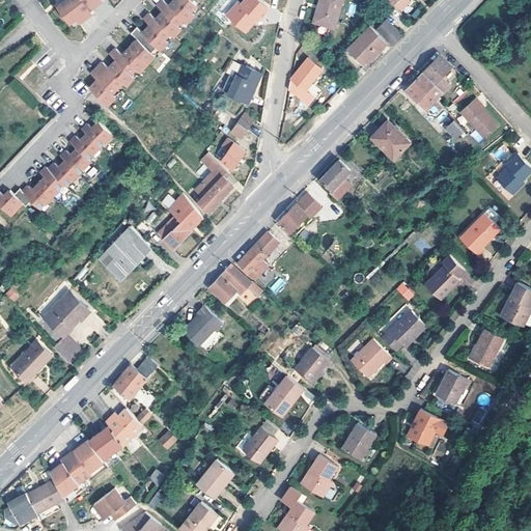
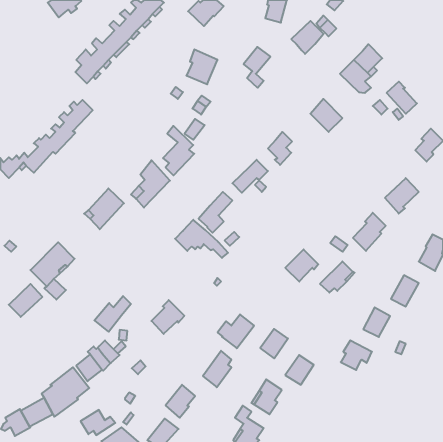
building: [183,305,222,345] -> [151,300,184,334]
building: [351,342,390,381] -> [285,249,318,282]
building: [295,348,328,384] -> [260,329,288,358]

